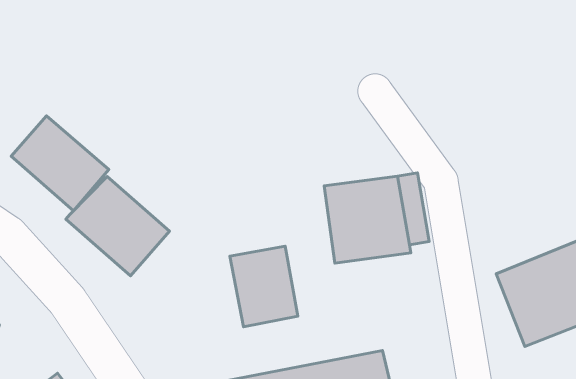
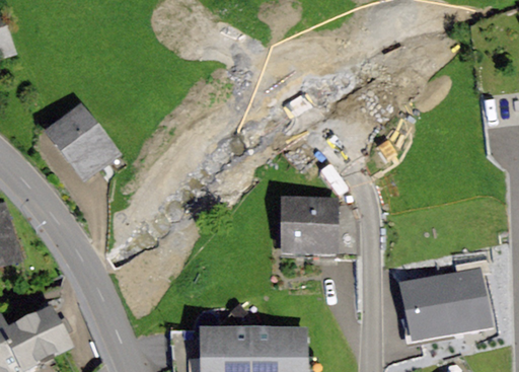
building: [66,176,170,276] -> none
building: [230,246,298,327] -> none

